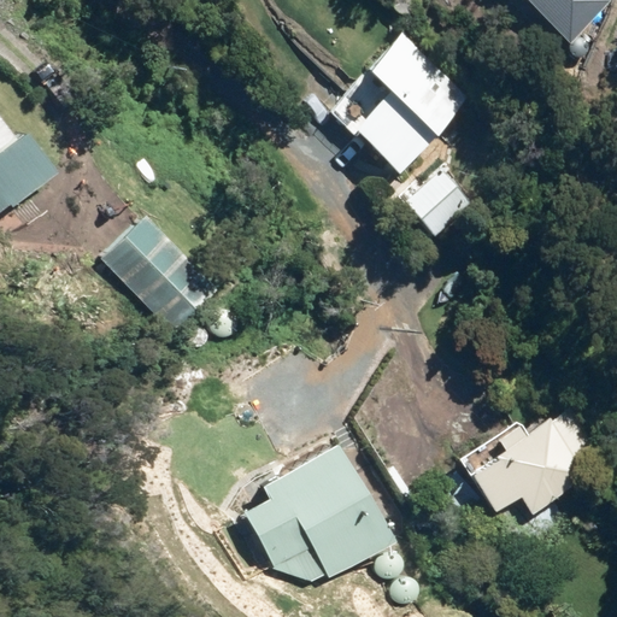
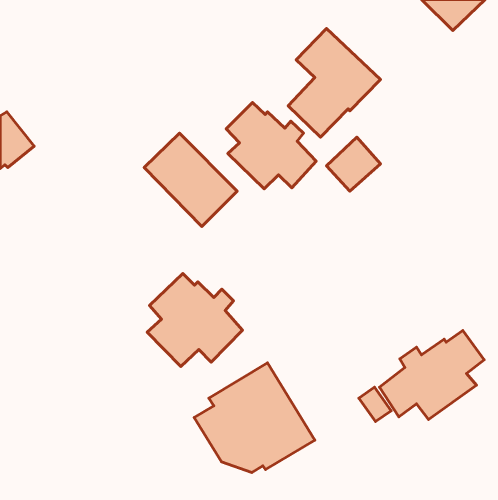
building: none -> [226,102,316,189]
building: [101,216,216,330] -> [144,133,237,226]
building: none -> [147,273,243,367]

